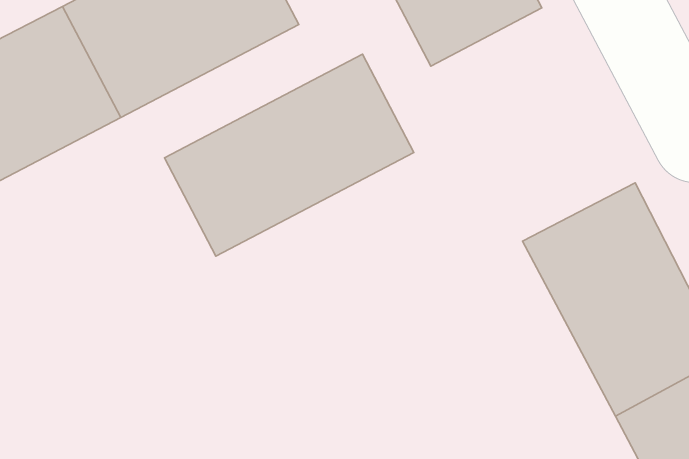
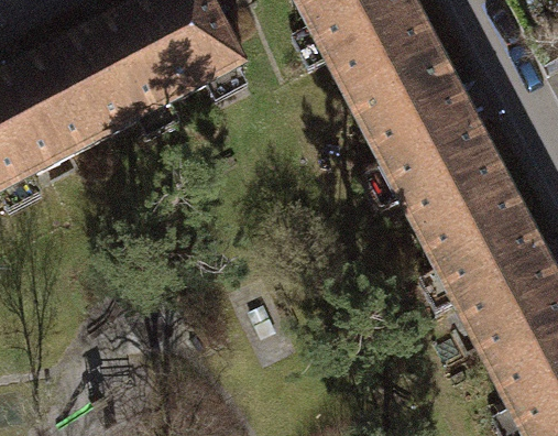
building: none -> [348,47,510,232]
building: [164,54,414,256] -> none

